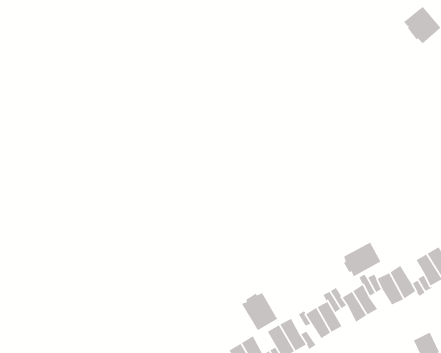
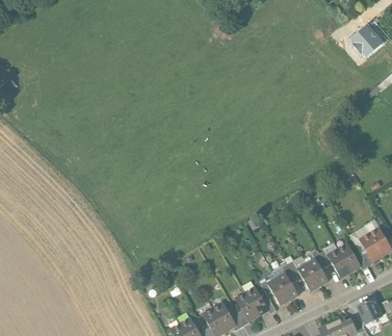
building: [343,242,381,277] -> none
building: [241,292,278,331] -> none

